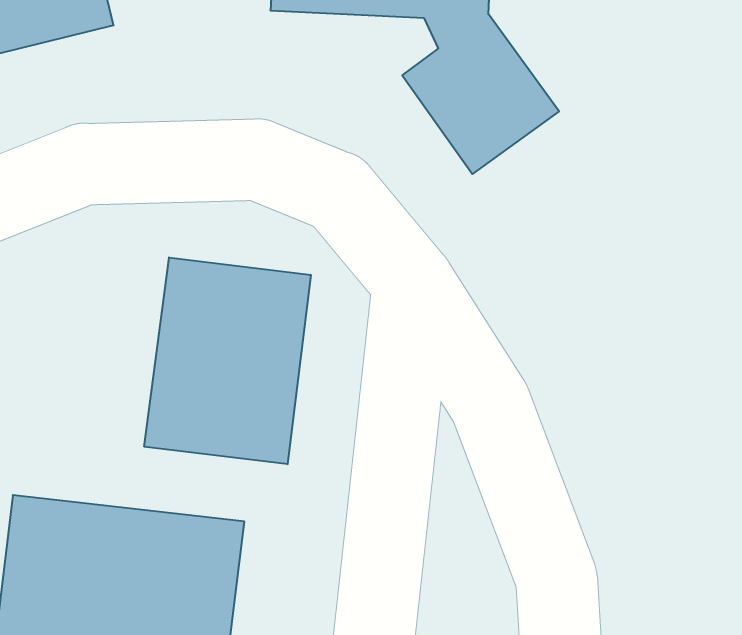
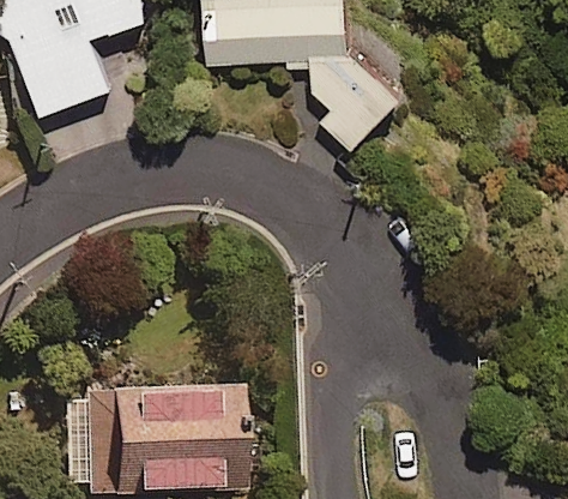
building: [144,257,311,464] -> none

